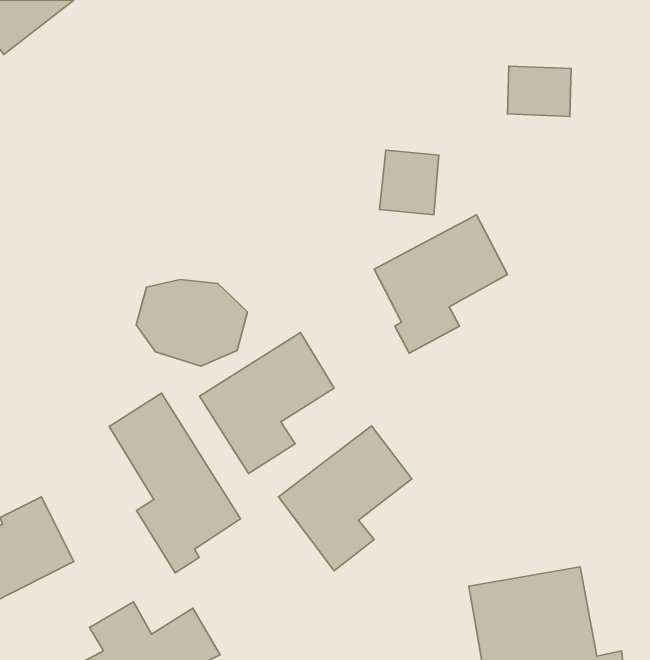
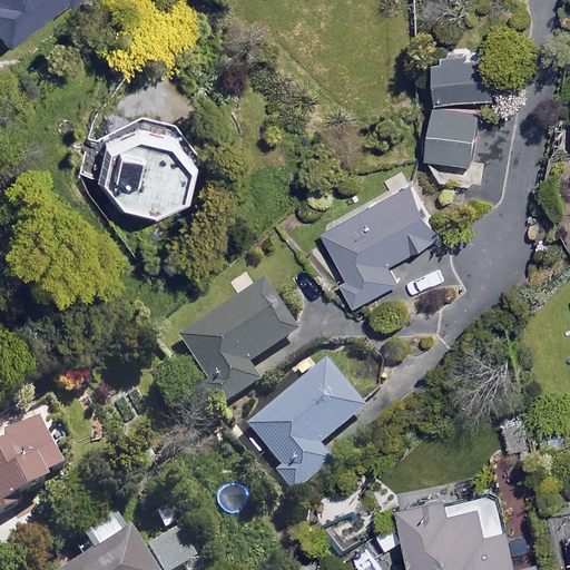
building: [379,150,439,215] -> [423,108,474,164]
building: [136,279,248,366] -> [98,138,194,213]
building: [109,393,240,573] -> none

